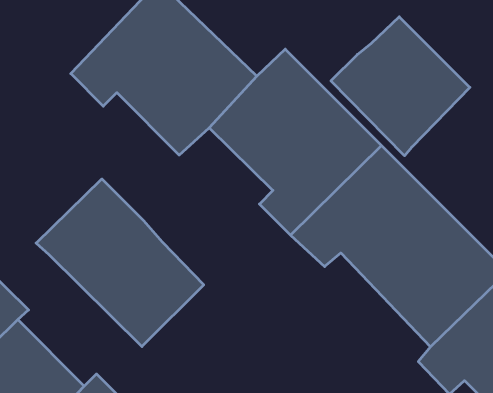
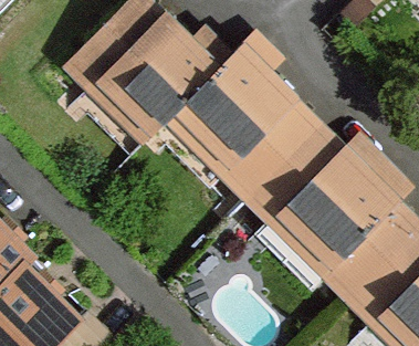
building: [331,17,470,156] -> none
building: [36,179,204,347] -> none

